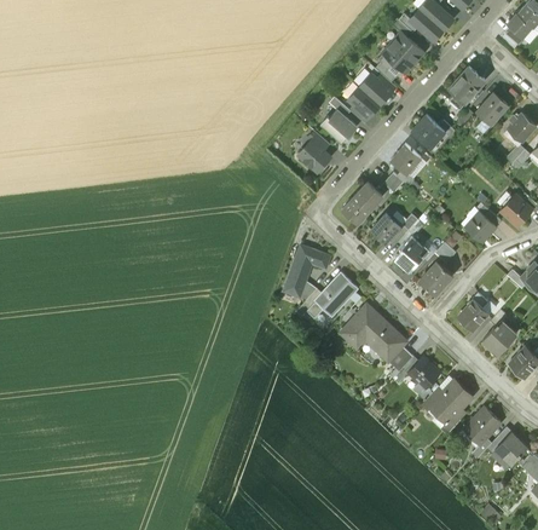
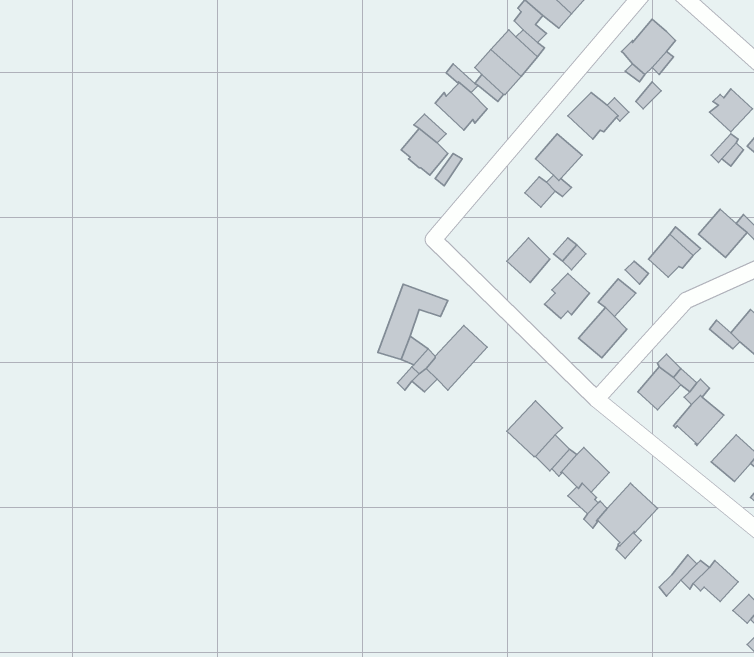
building: [475,92,508,126] -> none
building: [342,183,381,223] -> none
building: [340,304,389,351] -> none
building: [467,407,499,442] -> none

